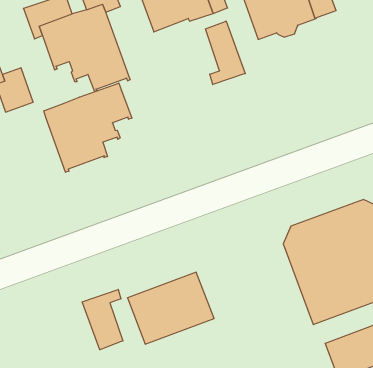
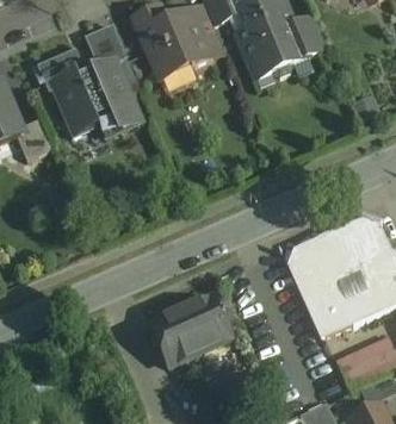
building: [205,21,245,85] -> none
building: [44,83,132,172] -> none
building: [82,289,123,350] -> none

